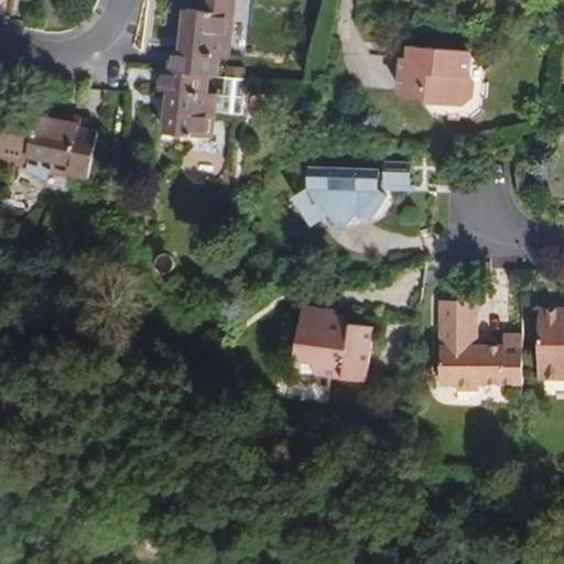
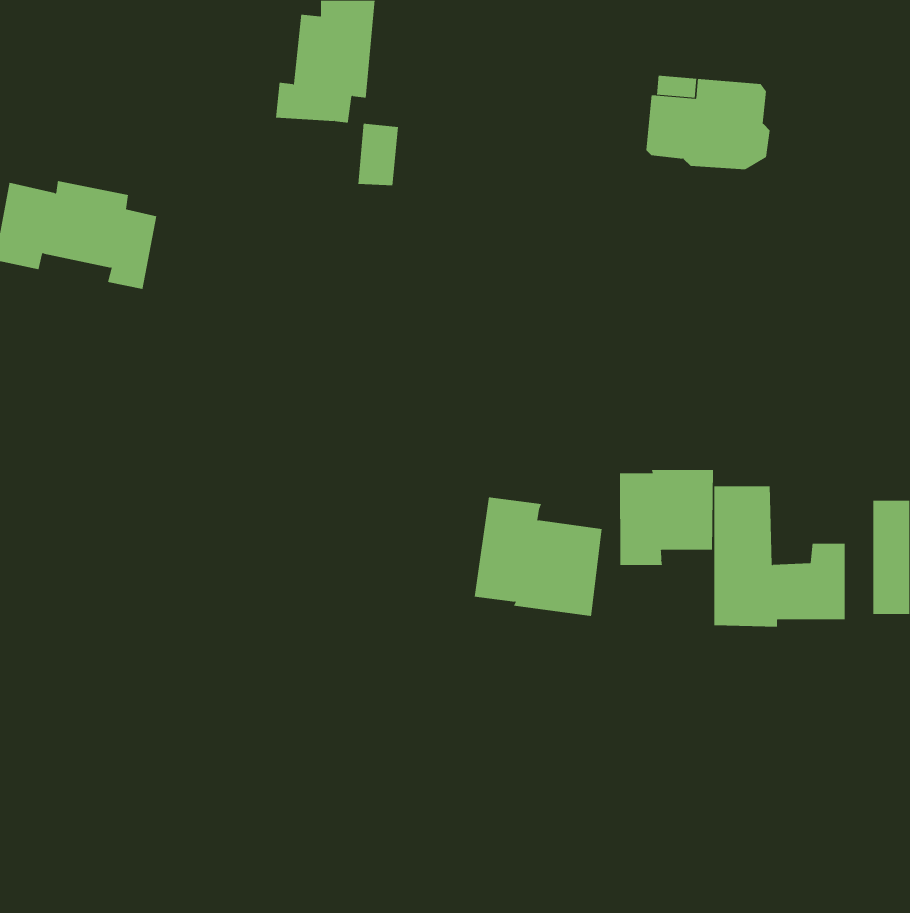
building: [159,72,214,140] -> none
building: [300,163,414,225] -> none
building: none -> [619,469,714,566]

